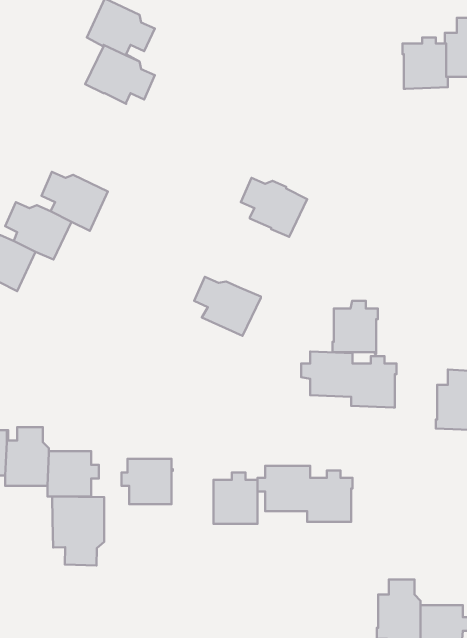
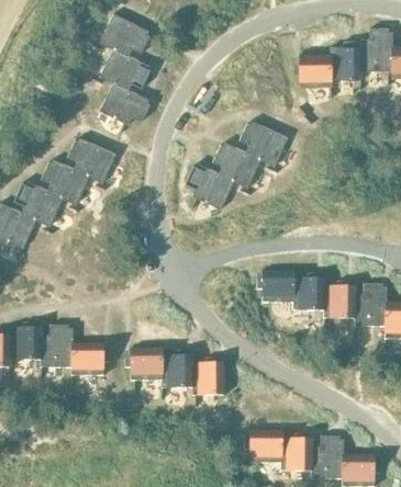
building: none -> [294,53,333,87]
building: none -> [100,82,151,124]
building: none -> [240,123,288,165]
building: [194,277,261,336] -> [187,166,235,208]
building: [332,301,378,354] -> [324,281,357,319]
building: none -> [161,350,194,387]
building: [257,466,353,522] -> [245,430,314,471]
building: [52,496,104,566] -> none

